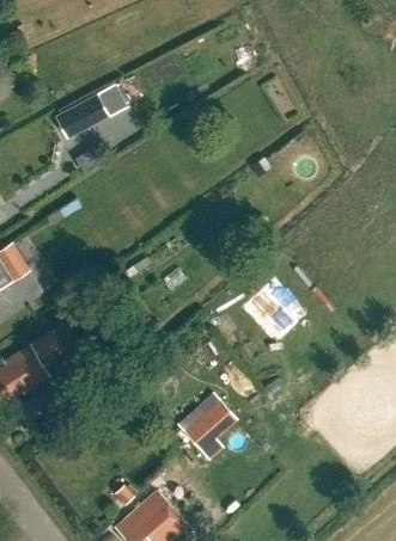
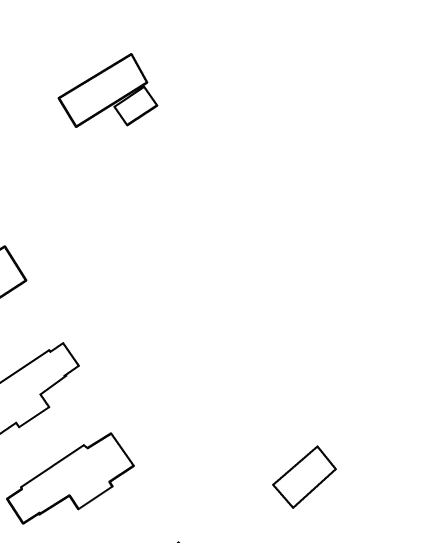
building: none -> [7,434,134,524]
building: [182,400,234,451] -> [273,446,336,508]

